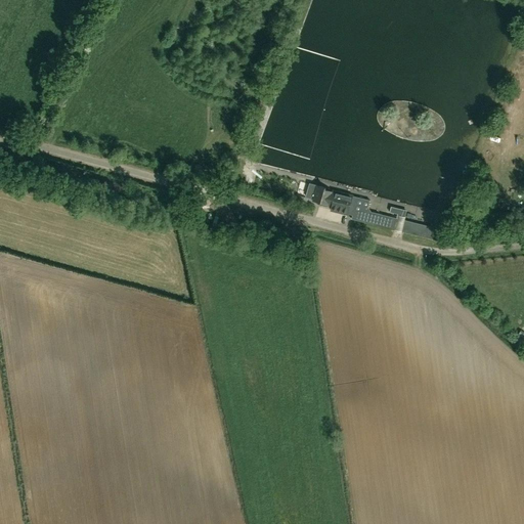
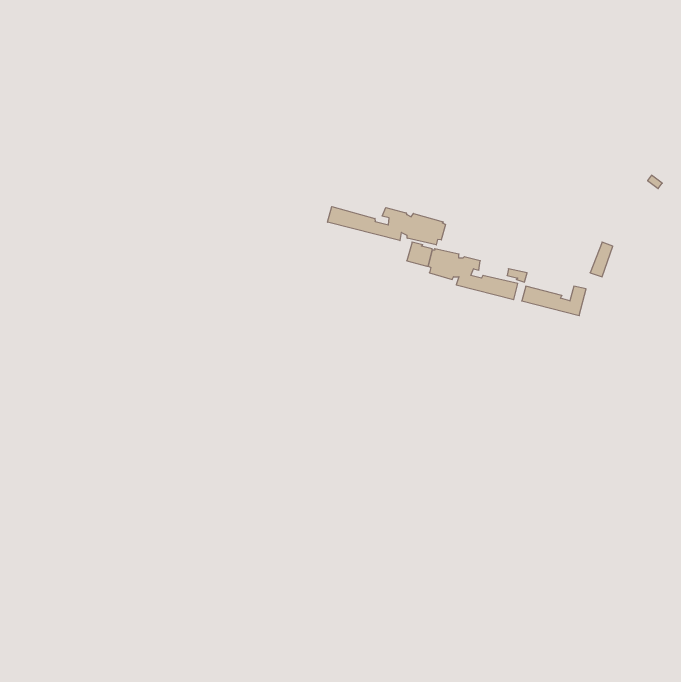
building: none -> [328,207,445,245]

